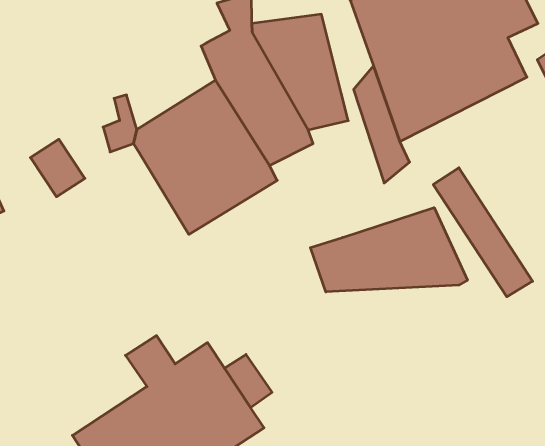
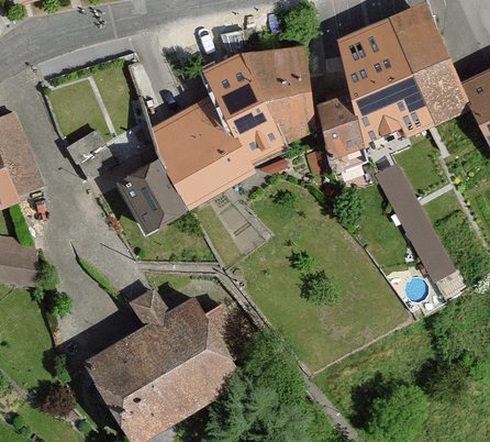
building: none -> [123,151,190,237]
building: [310,208,467,292] -> none

